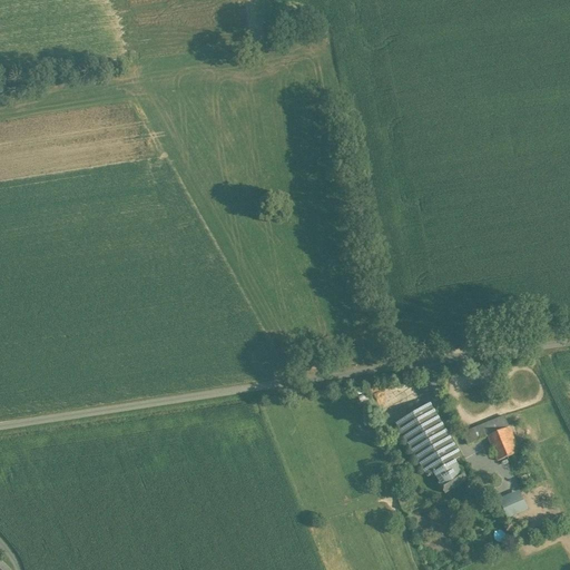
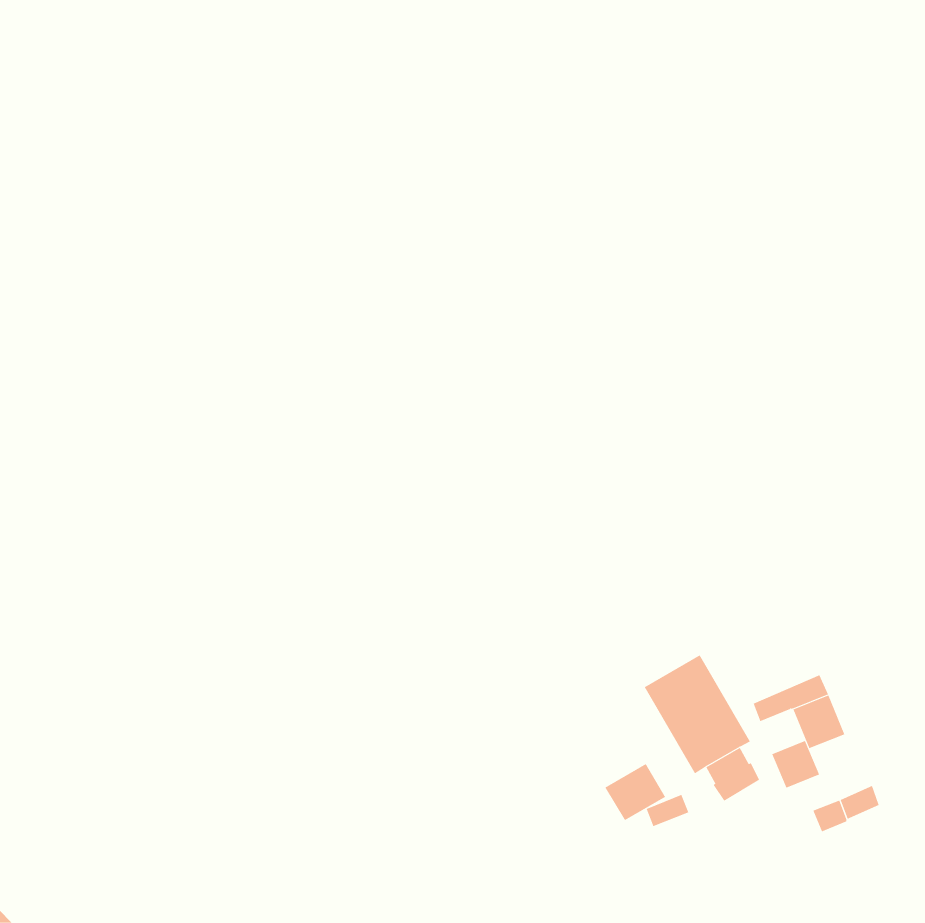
building: none -> [772,740,820,789]
building: none -> [605,763,666,821]

